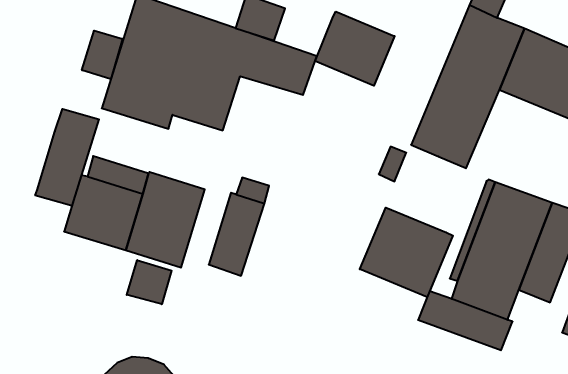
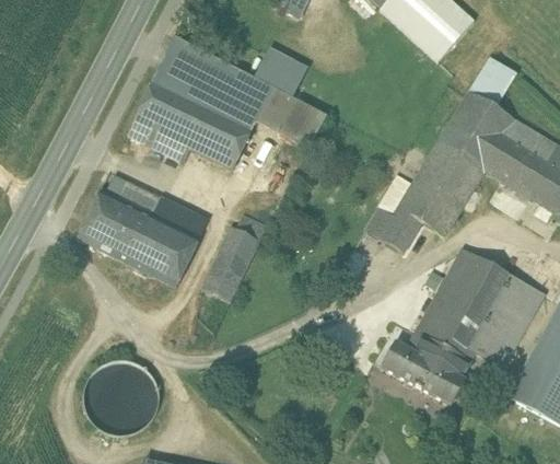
building: [315,12,395,86] -> none
building: [82,31,122,79] -> none
building: [35,109,99,206] -> none
building: none -> [380,208,422,253]
building: [360,208,453,297] -> none
building: [127,260,172,304] -> none

